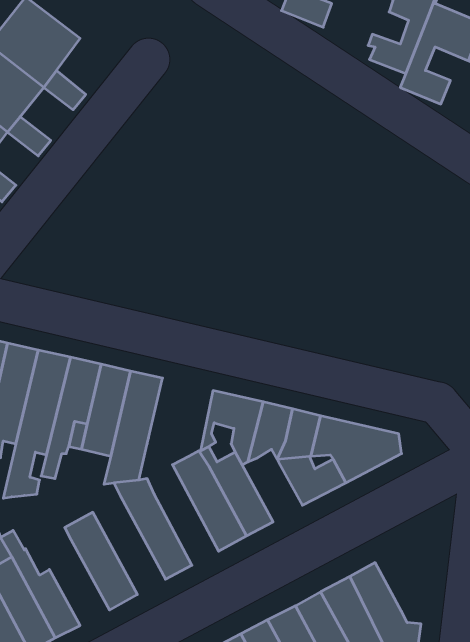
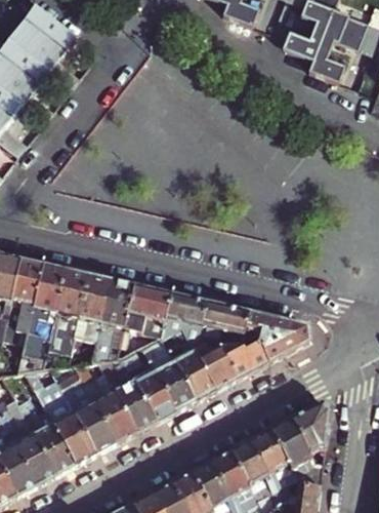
building: none -> [125,284,172,342]
building: none -> [194,343,238,390]
building: none -> [129,359,176,422]
building: none -> [74,363,137,443]
building: none -> [25,370,96,466]
building: none -> [291,403,332,456]

